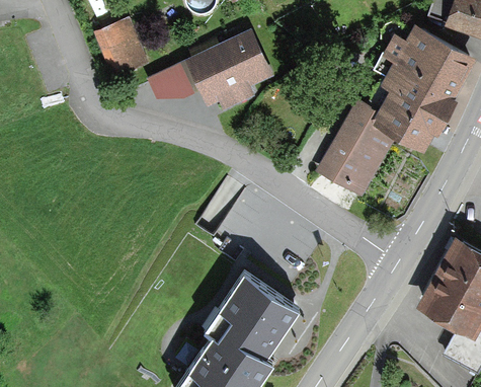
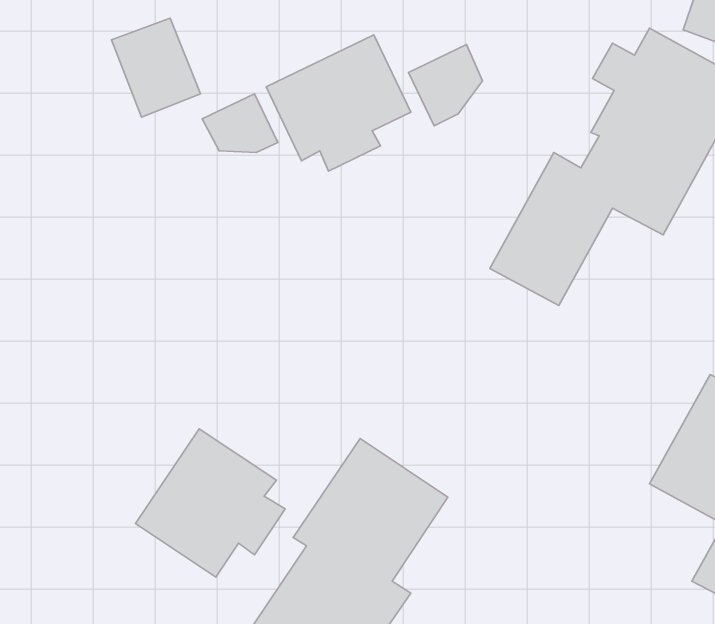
building: none -> [408,45,482,126]
building: none -> [135,429,285,577]

